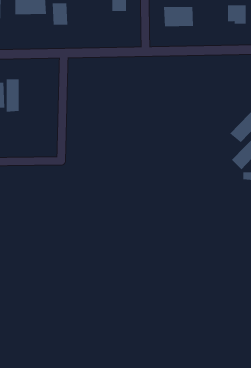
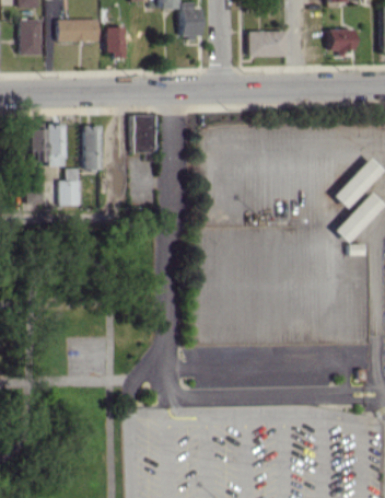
building: none -> [132,116,155,160]
building: none -> [82,126,100,171]
building: none -> [58,169,78,206]

